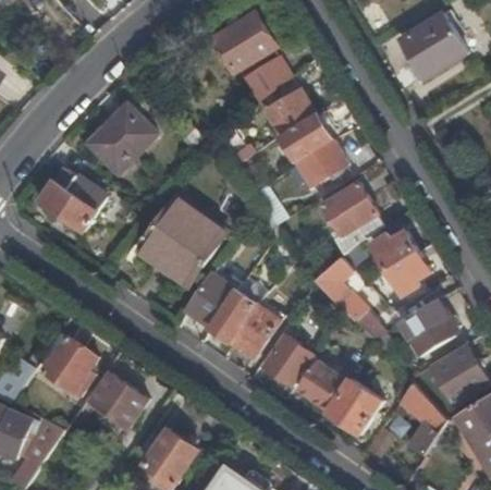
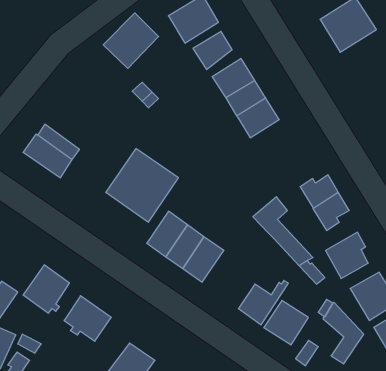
building: [88,106,155,172] -> [103,13,159,68]
building: [321,180,383,254] -> none
building: [263,334,314,385] -> none

